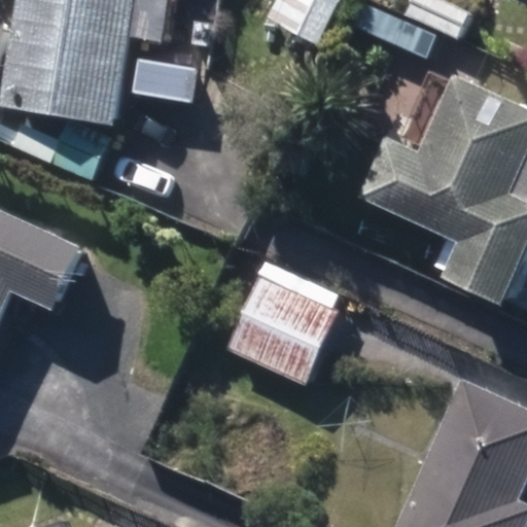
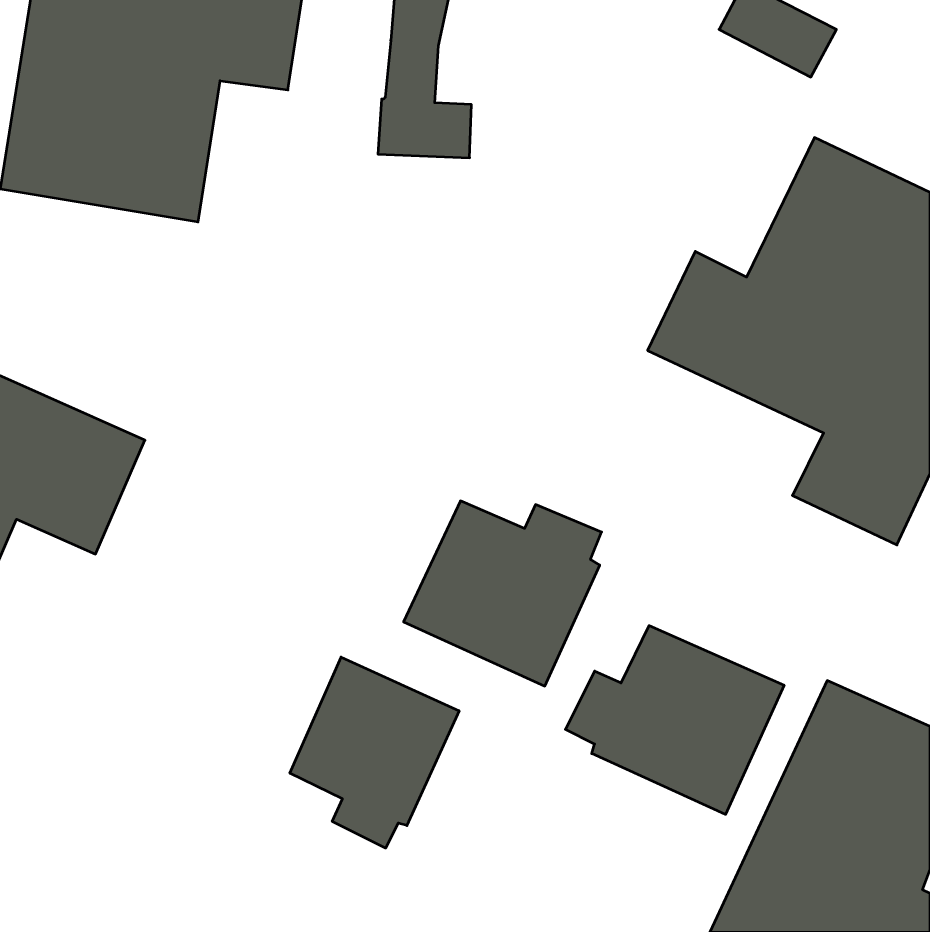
building: none -> [565,626,784,814]
building: none -> [290,657,459,848]

